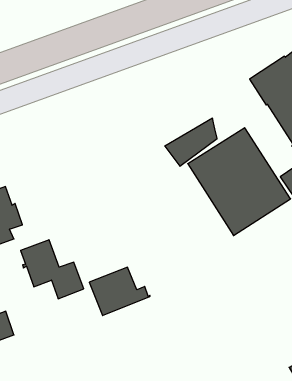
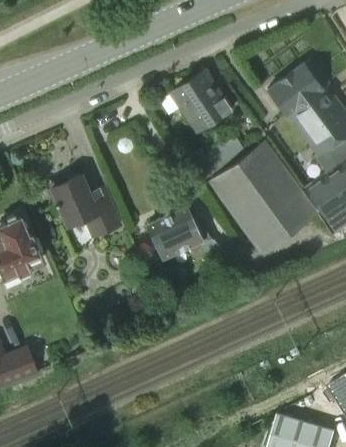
building: none -> [159,71,231,134]
building: [21,240,84,299] -> [52,177,120,238]
building: [89,267,150,316] -> [147,207,211,259]

